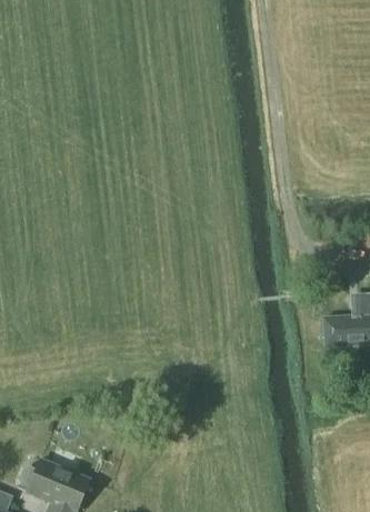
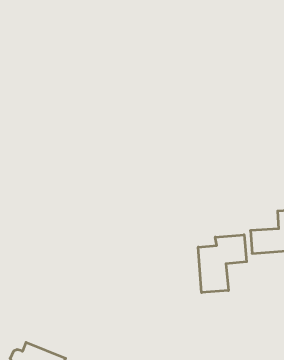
building: none -> [198,235,247,293]

